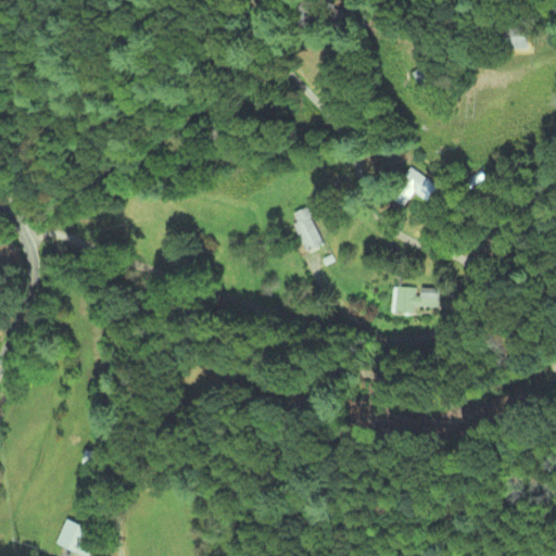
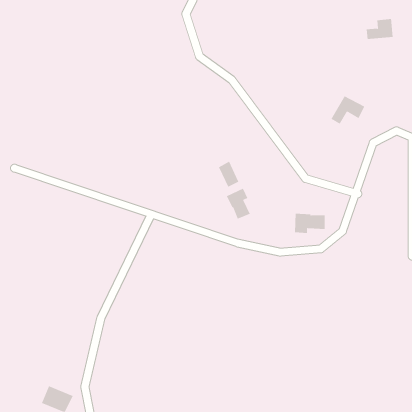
building: [392,169,439,208] -> [330,95,365,124]
building: none -> [226,188,250,220]

